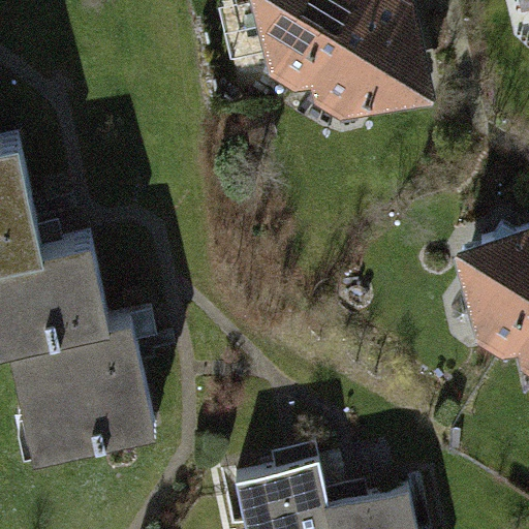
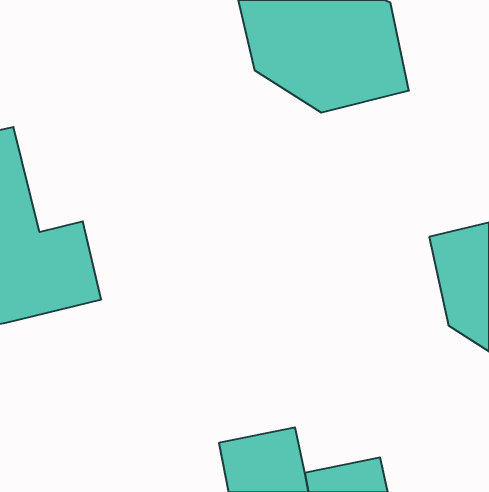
building: [7,317,155,459] -> none

